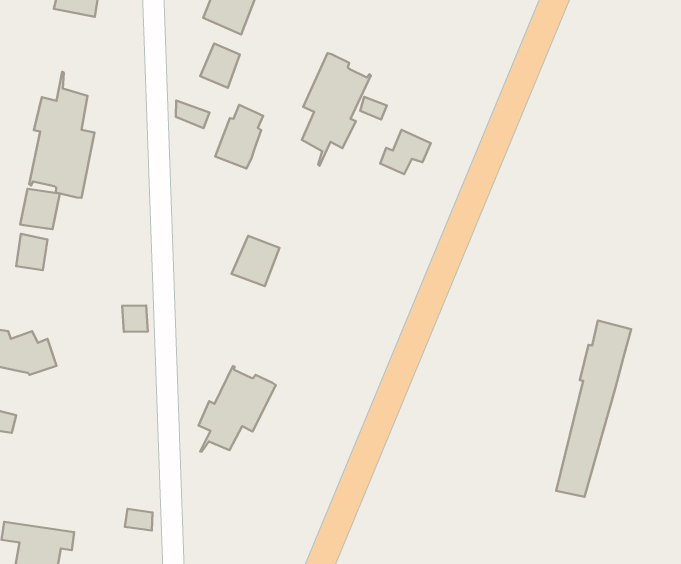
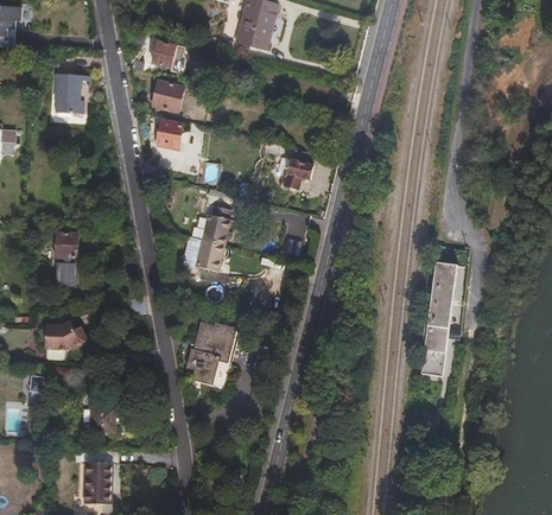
building: [302,53,371,166] -> none
building: [29,72,94,198] -> none
building: [215,105,263,168] -> [203,205,230,246]
building: none -> [91,408,116,431]

